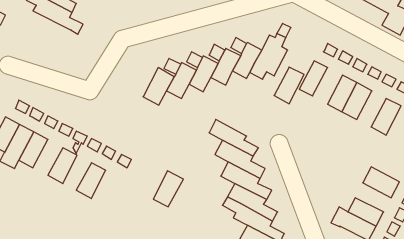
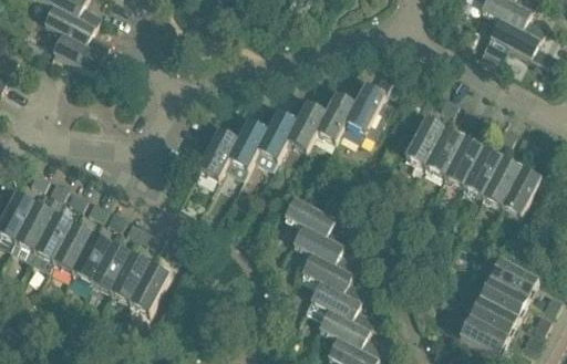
building: [274,67,304,104] -> [422,127,462,176]
building: none -> [481,158,519,206]
building: none -> [51,222,91,270]
building: none -> [91,243,128,290]
building: [153,171,183,207] -> [128,263,168,311]
building: none -> [478,280,526,319]

